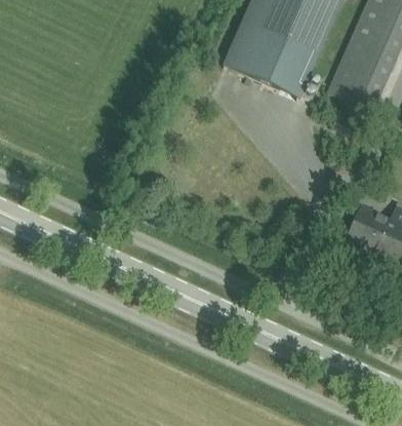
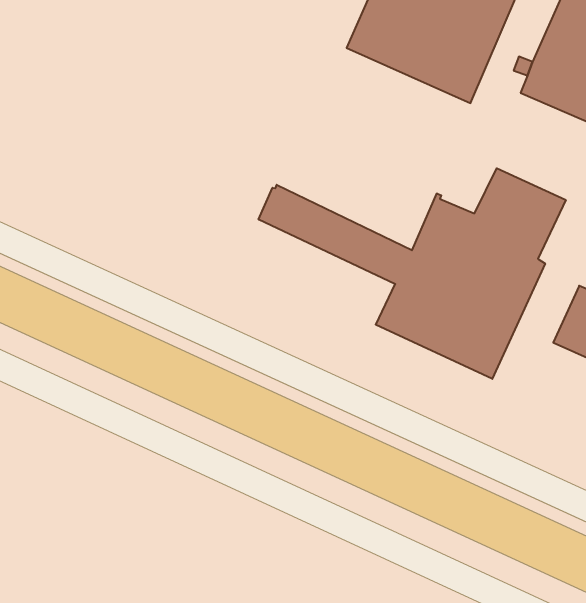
building: none -> [259,168,566,379]

